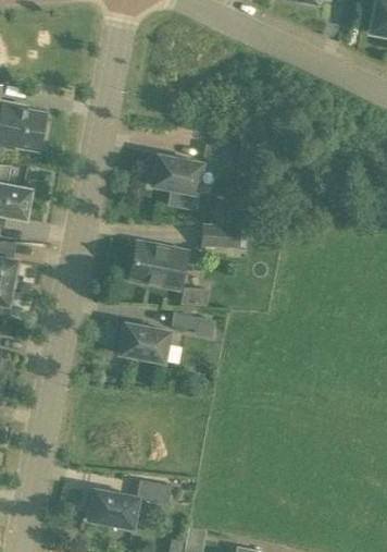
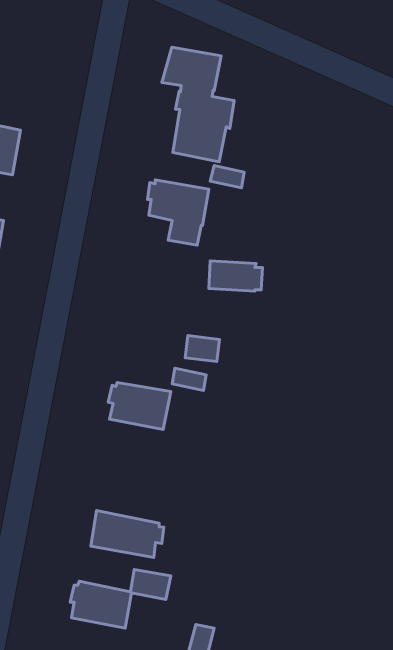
building: none -> [162,47,234,162]
building: [130,242,187,289] -> none
building: none -> [91,511,164,558]

